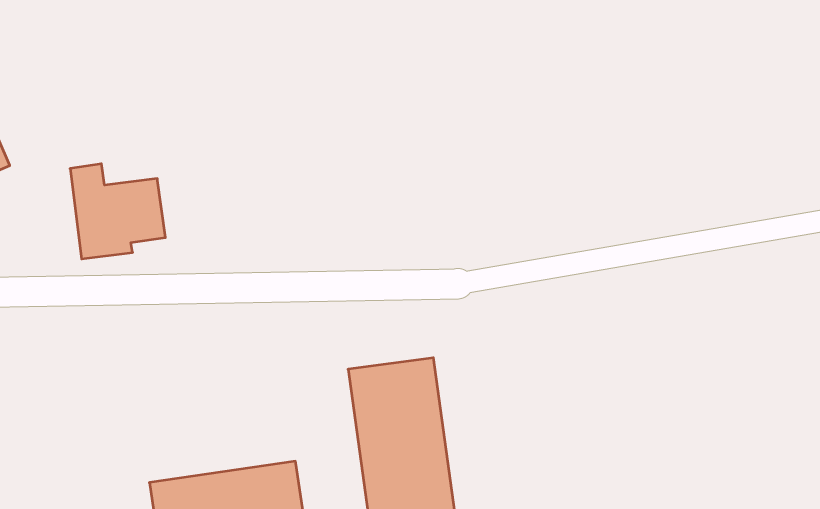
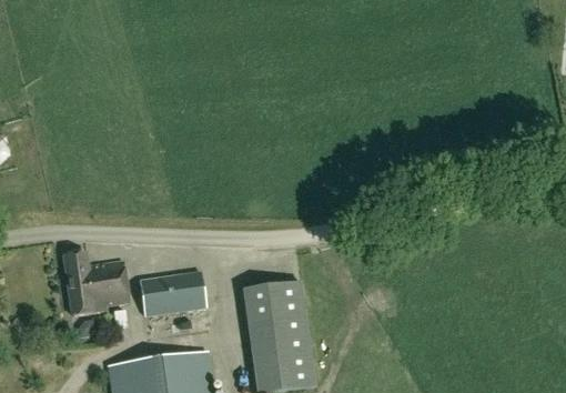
building: [70,164,165,259] -> [63,250,128,314]
building: none -> [140,270,205,314]

